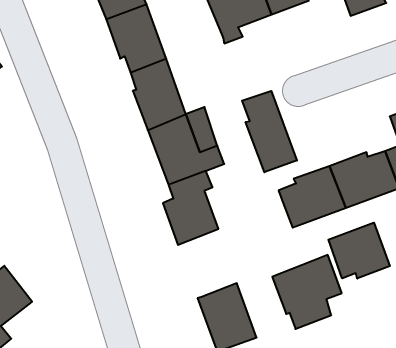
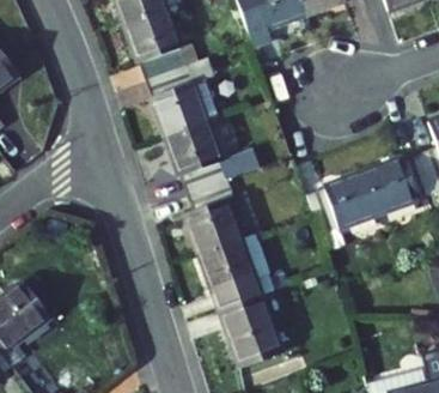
building: [242,91,297,172] -> none
building: [328,223,390,279] -> none
building: [272,255,342,329] -> [205,234,276,310]

